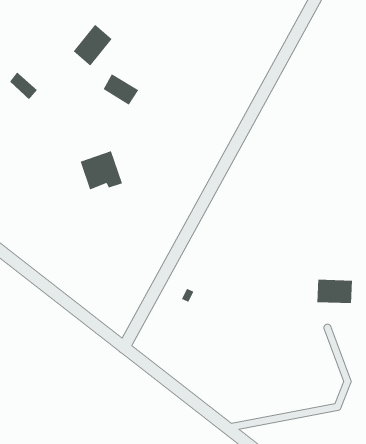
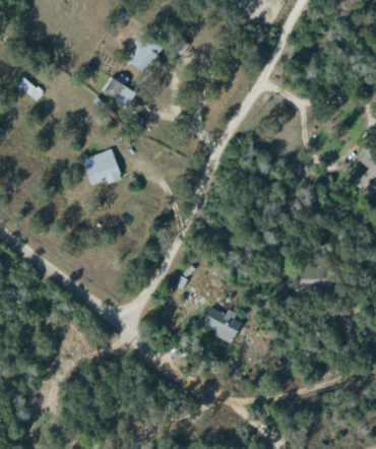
building: [73,24,112,67] -> [126,34,163,73]
building: none -> [201,307,241,342]

